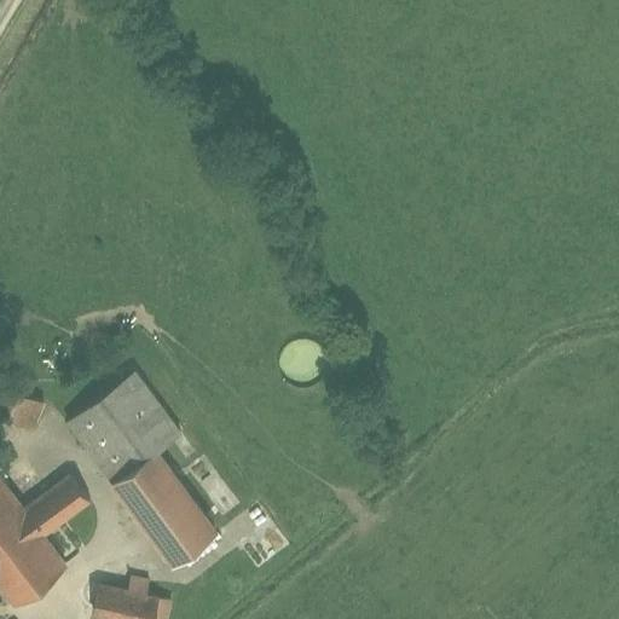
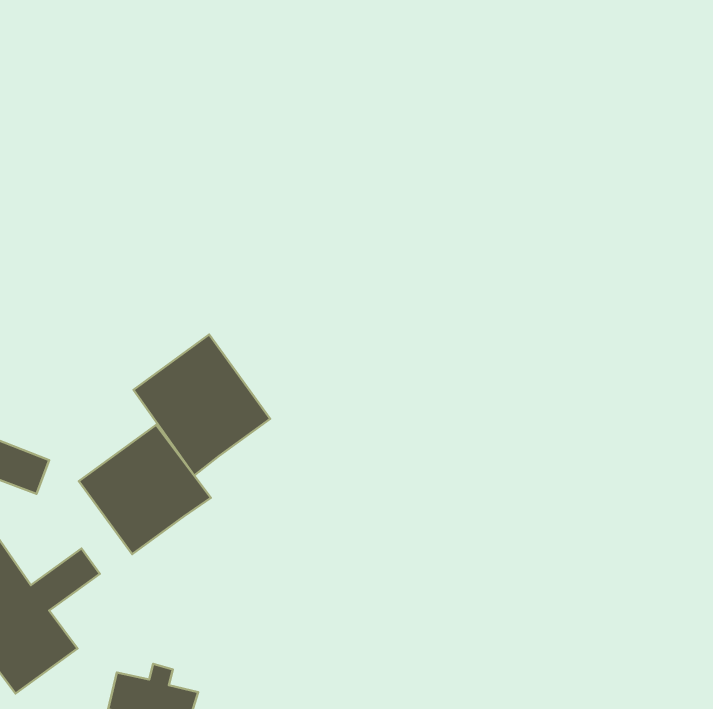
building: none -> [133,335,270,475]
building: [114,452,218,566] -> none

